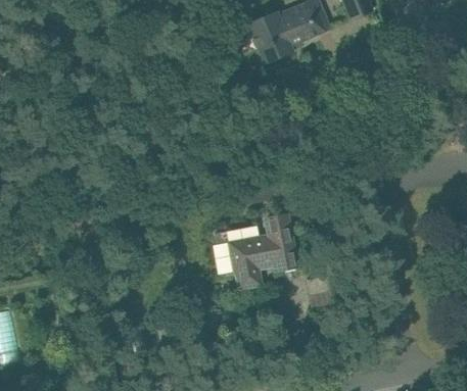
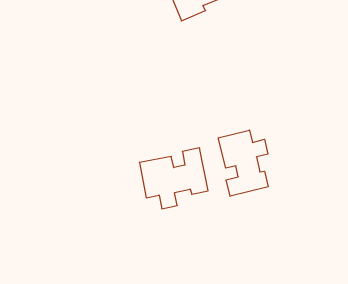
building: none -> [218,130,268,196]

